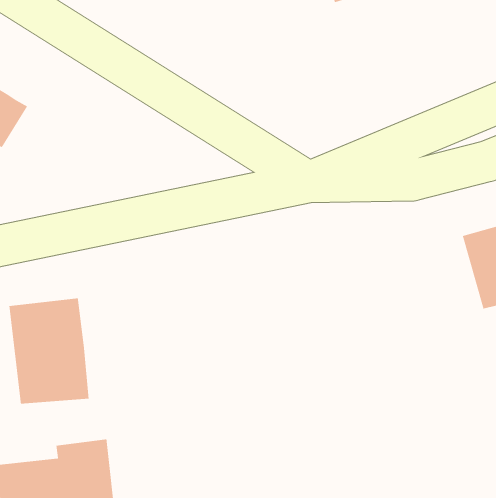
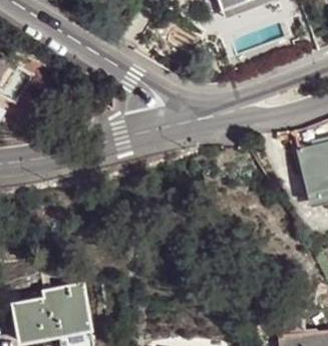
building: [9,298,89,404] -> none

